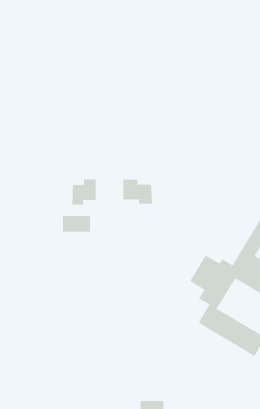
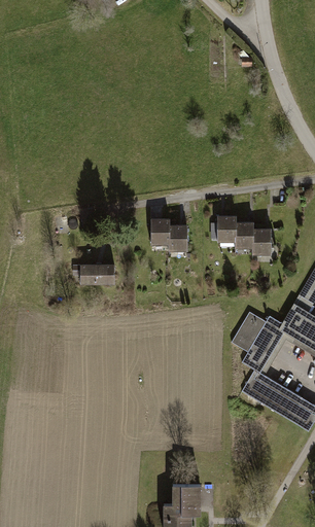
building: none -> [216,217,271,256]
building: [72,178,96,205] -> none

